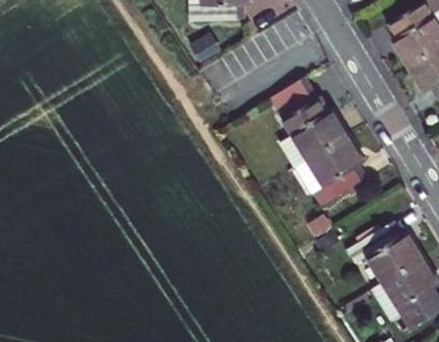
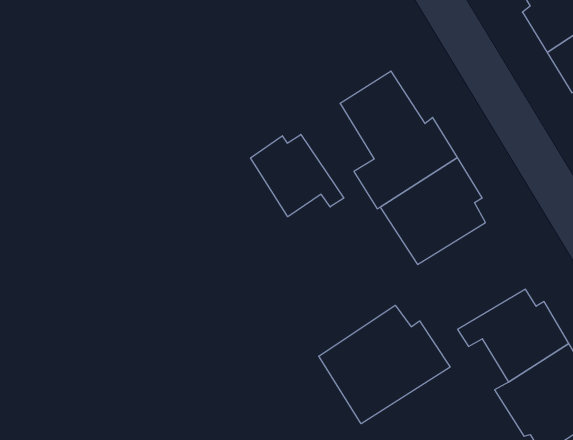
building: none -> [251,134,344,217]
building: none -> [319,305,450,424]

